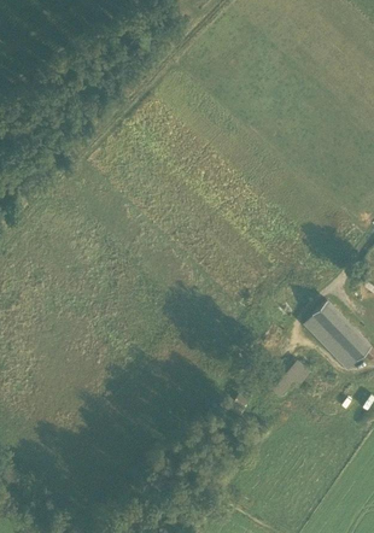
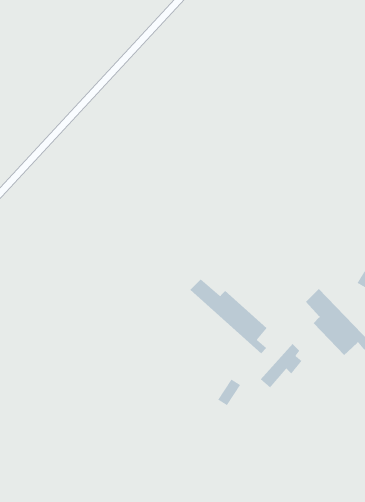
building: none -> [190,278,268,354]

